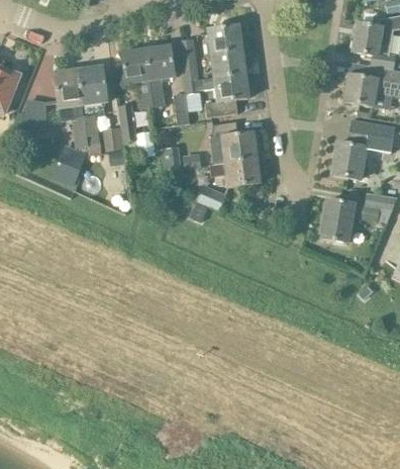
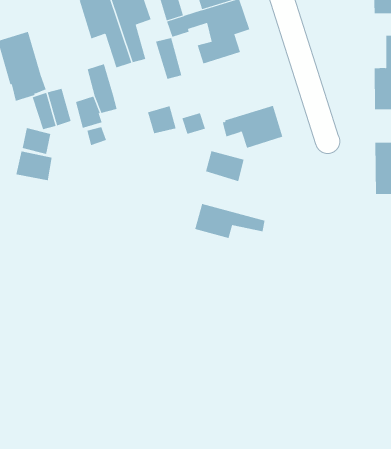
building: [79,66,106,115] -> none
building: [210,120,256,163] -> none
building: none -> [194,203,265,239]

